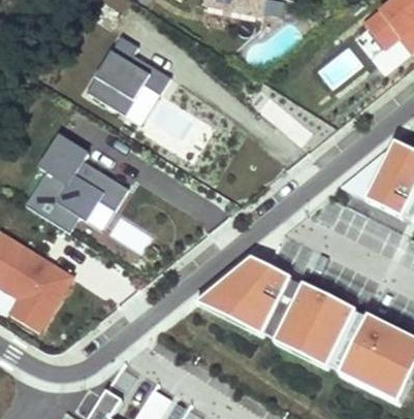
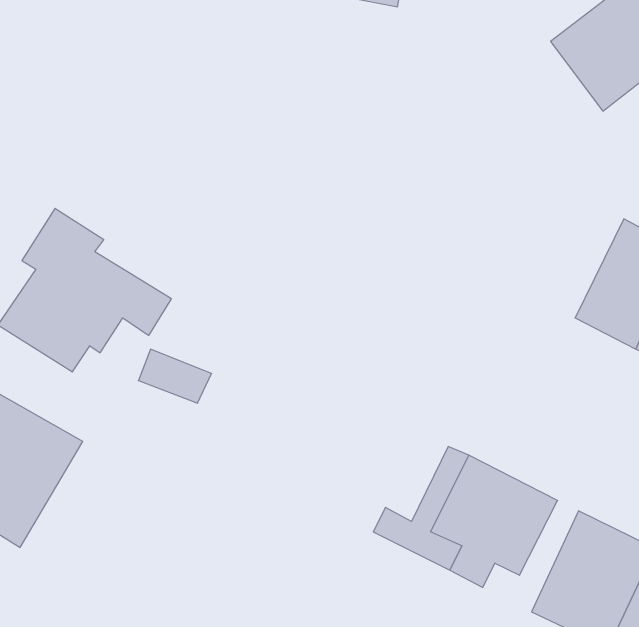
building: [88,29,176,115] -> none
building: [198,256,292,326] -> none
building: [313,308,370,374] -> none

